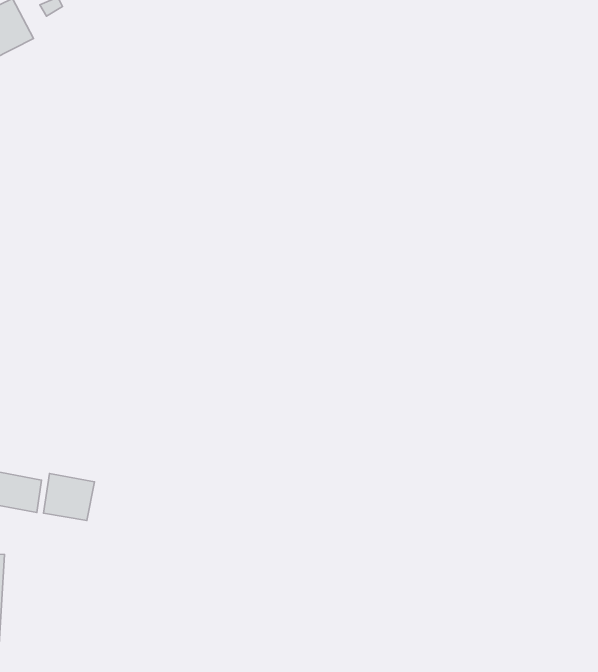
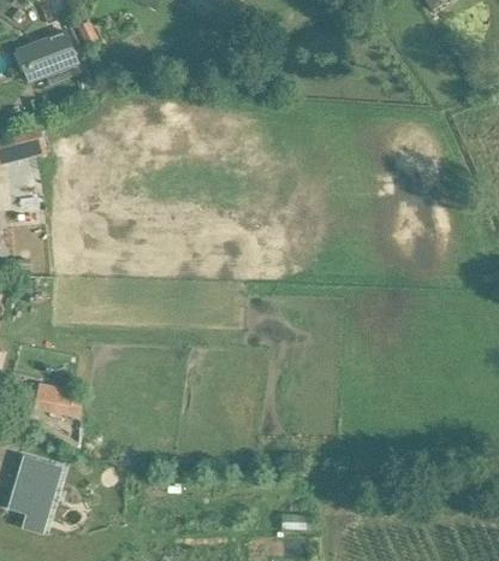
building: [44,474,95,521] -> none

